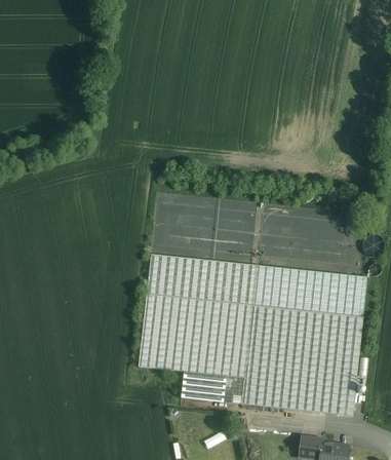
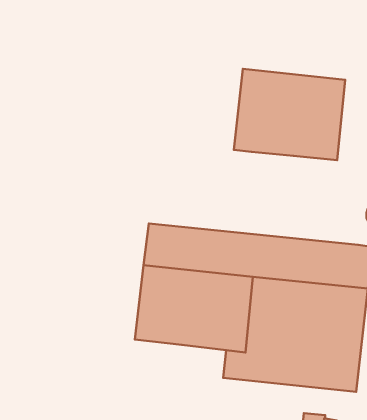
building: none -> [234,69,345,160]
building: [182,371,227,402] -> none

